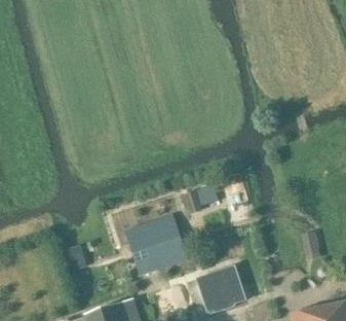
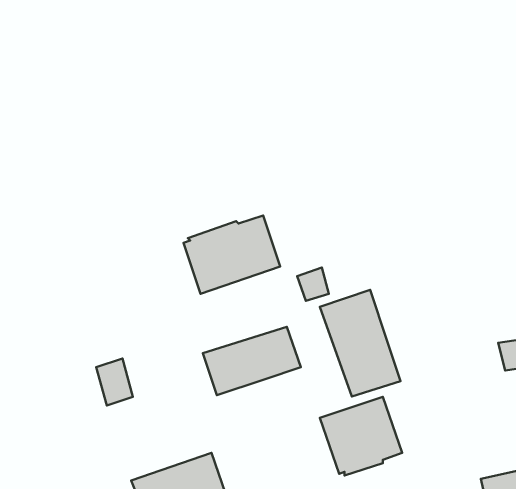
building: none -> [183,216,280,294]
building: none -> [320,290,400,397]

